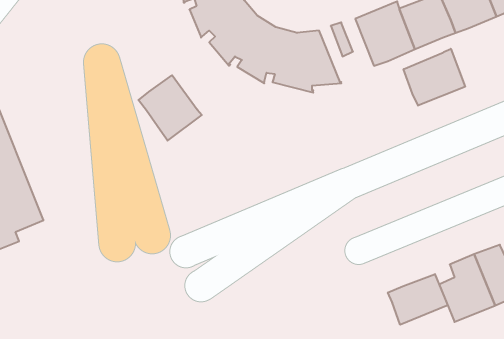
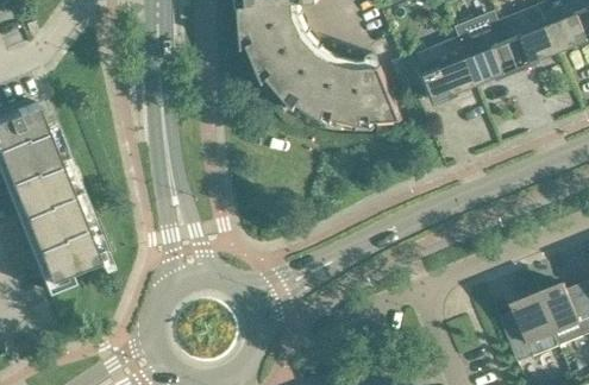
building: [404,49,465,106] -> none
building: [138,75,202,141] -> none
building: [388,274,448,325] -> none

